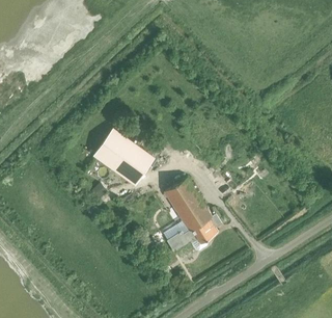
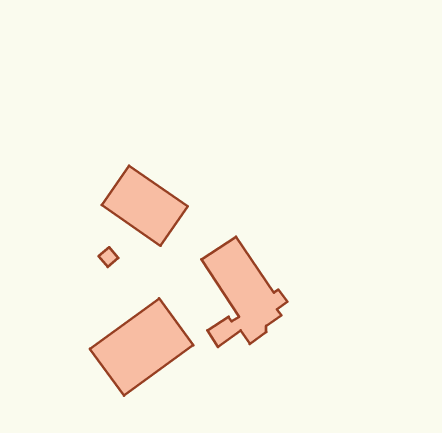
building: none -> [90,298,193,396]

